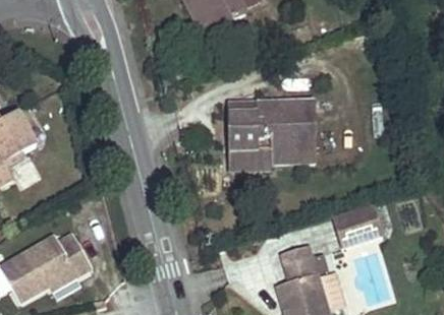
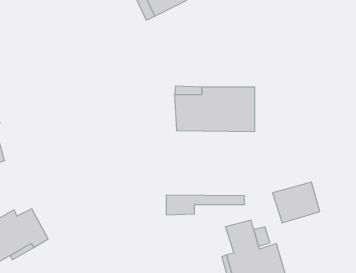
building: [228,149,313,171] -> [166,195,245,215]

